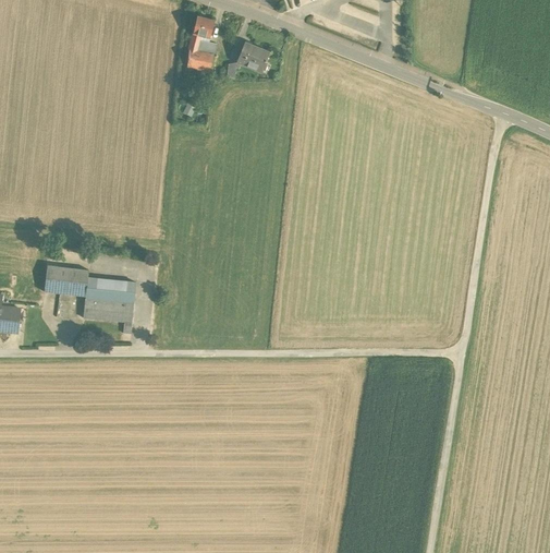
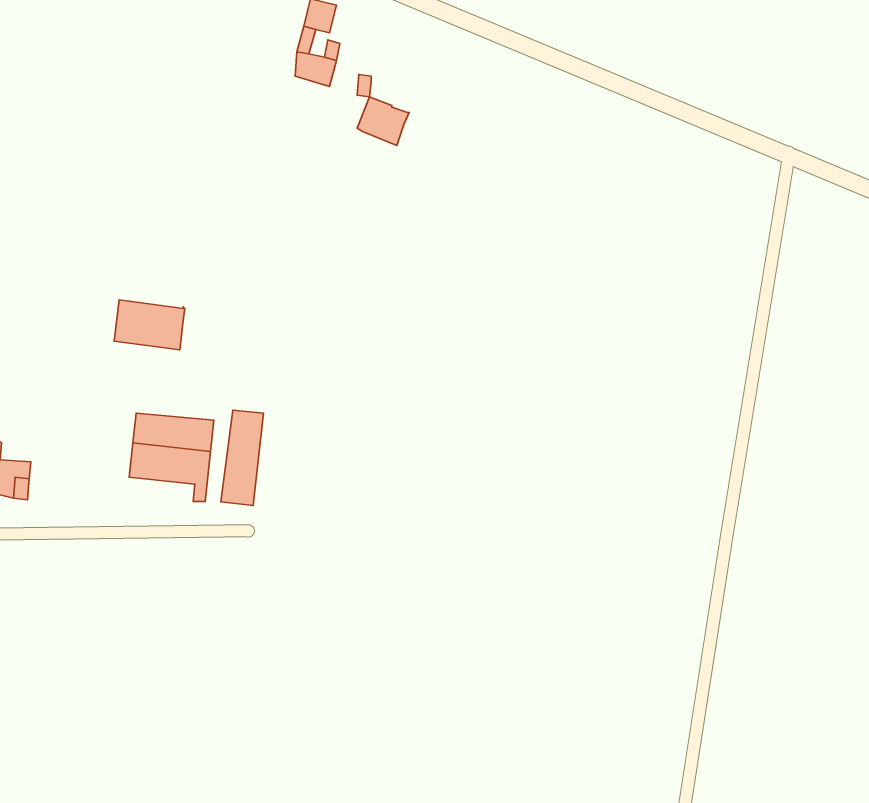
building: [236,41,269,72] -> [357,97,409,145]
building: [44,264,88,296] -> [114,300,185,350]
building: none -> [221,410,263,505]

